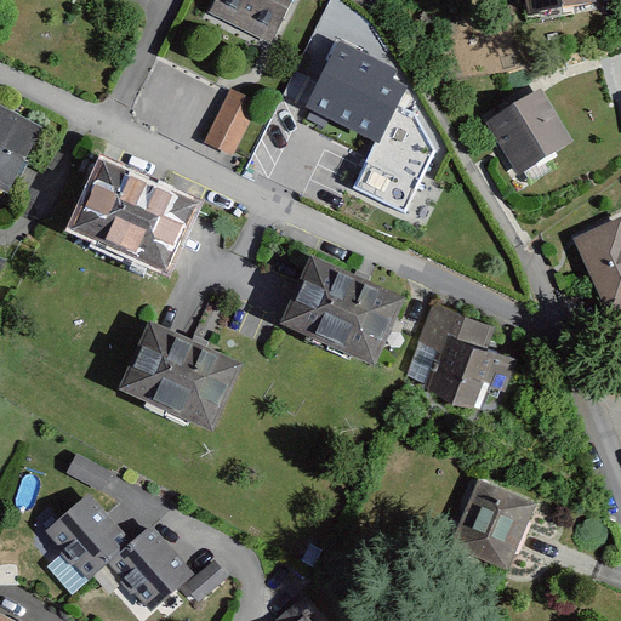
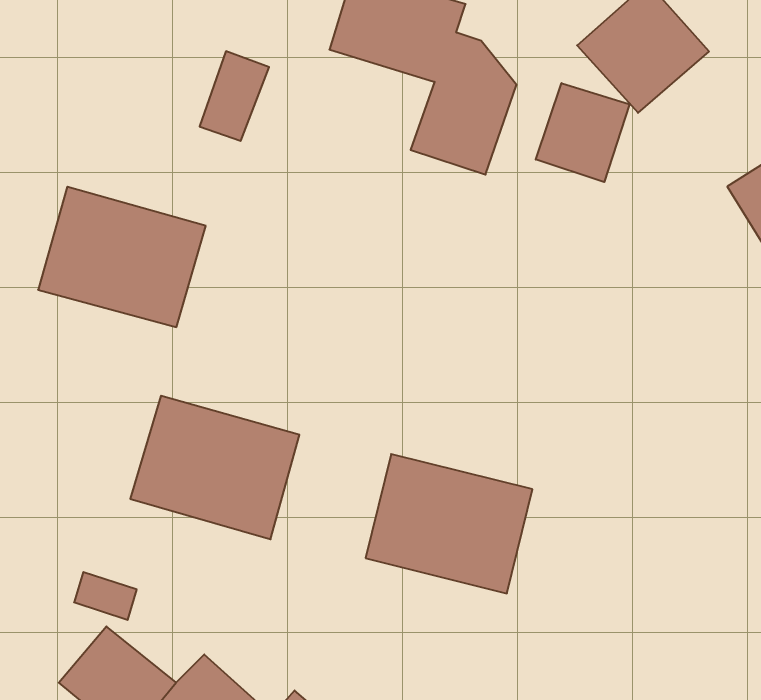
building: none -> [536,83,629,182]
building: [280,261,406,372] -> [366,454,532,593]
building: [400,300,515,408] -> none
building: [450,468,534,556] -> none

